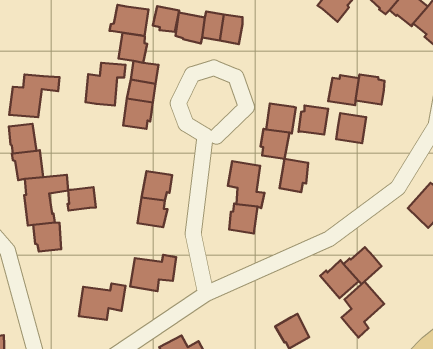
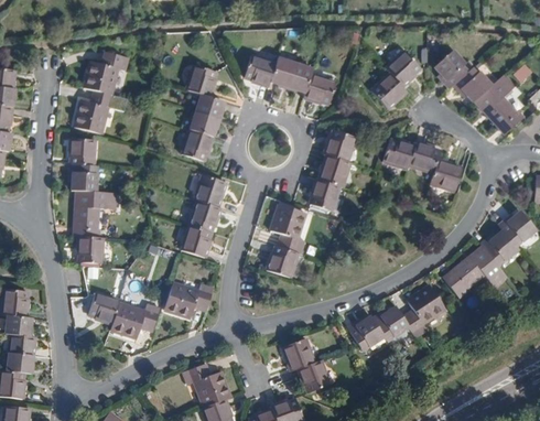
building: [109,5,149,36] -> none
building: [153,6,179,32] -> none
building: none -> [372,72,408,107]
building: none -> [304,74,336,102]
building: [86,63,126,105] -> [85,51,129,94]
building: [298,106,328,135] -> [324,130,356,161]
building: [336,113,366,143] -> [430,159,462,191]
building: none -> [194,174,227,207]
building: [279,159,308,192] -> none
building: [68,187,96,210] -> none
building: none -> [89,292,120,323]
building: [342,282,384,338] -> [402,285,445,338]
building: none -> [283,338,314,371]

